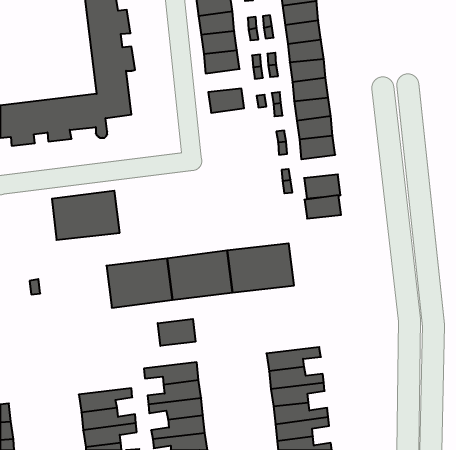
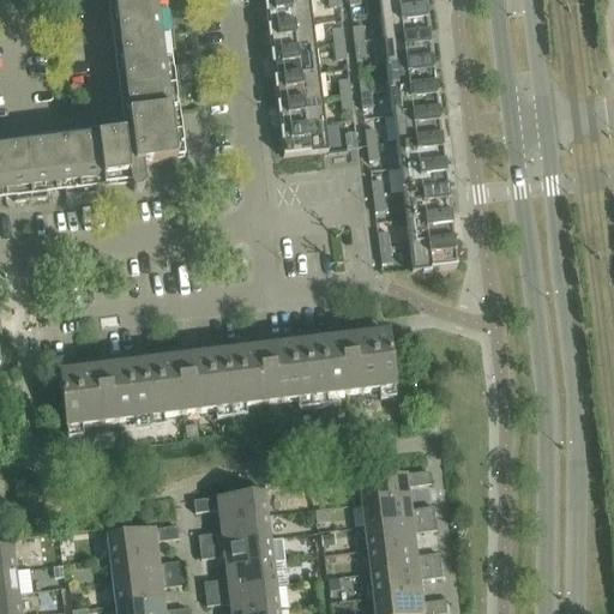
building: none -> [277,92,325,124]
building: [52,191,120,240] -> [60,356,151,422]
building: [304,195,341,219] -> [405,207,455,239]
building: [158,319,195,346] -> none

